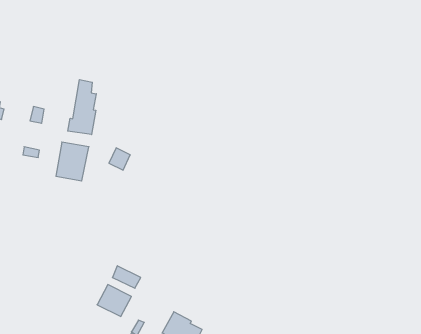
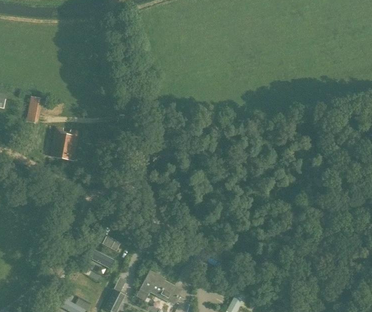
building: [68,80,96,135] -> none

